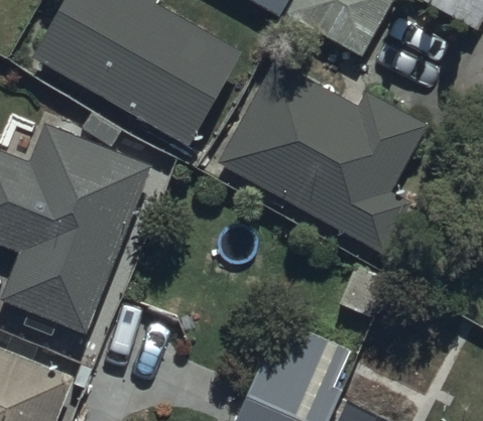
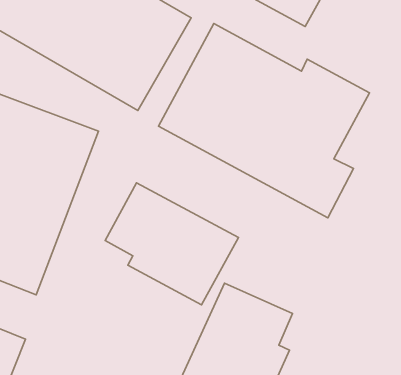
building: none -> [105,183,239,305]

